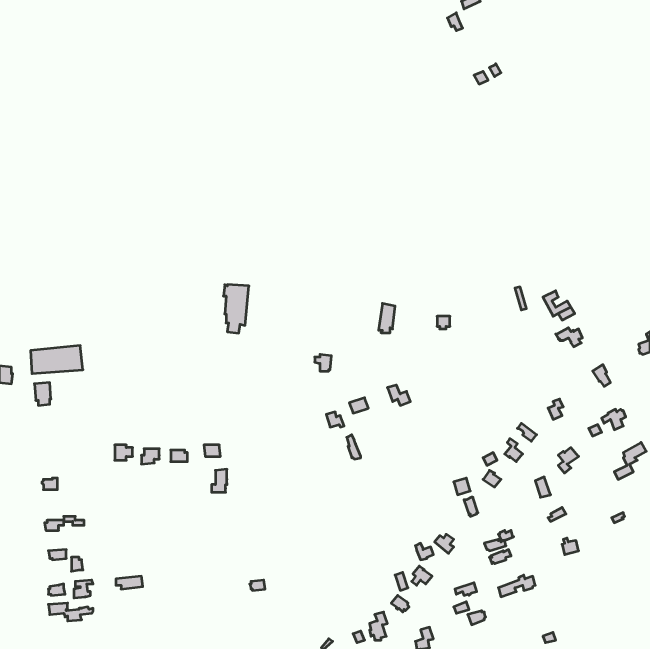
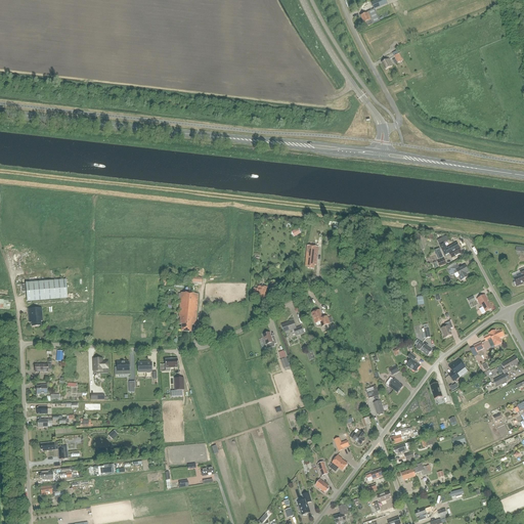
building: [223,285,249,333] -> [177,292,198,331]

